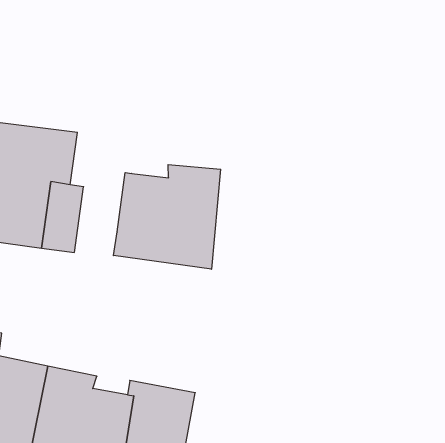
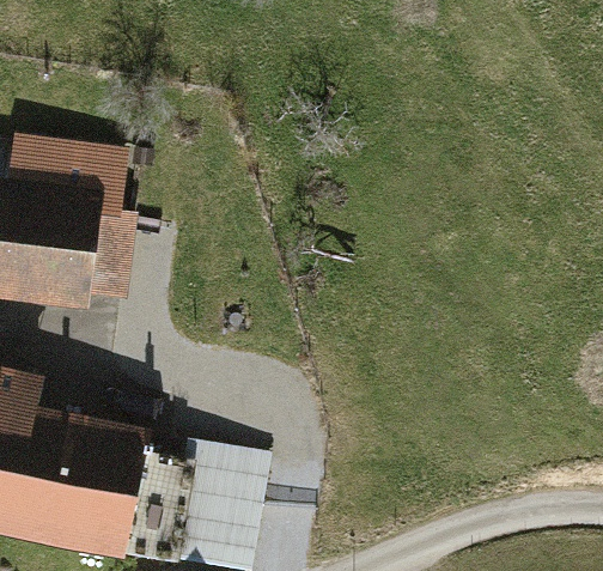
building: [113,165,221,269] -> none

